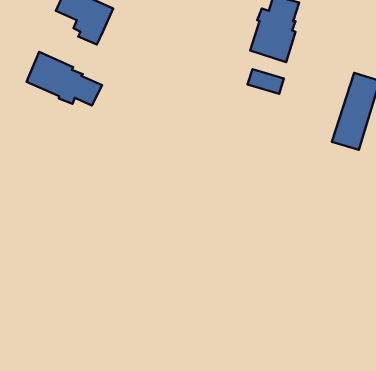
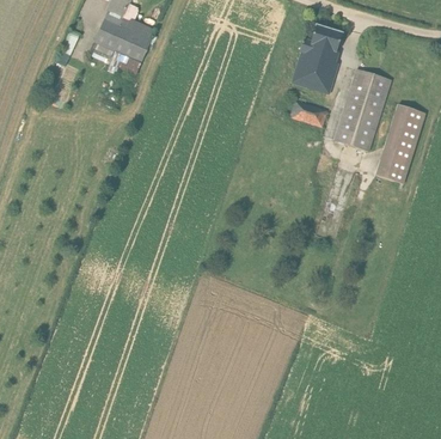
building: none -> [333,68,391,151]
building: [26,52,102,106] -> none

